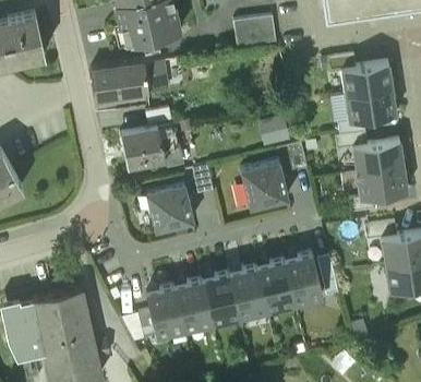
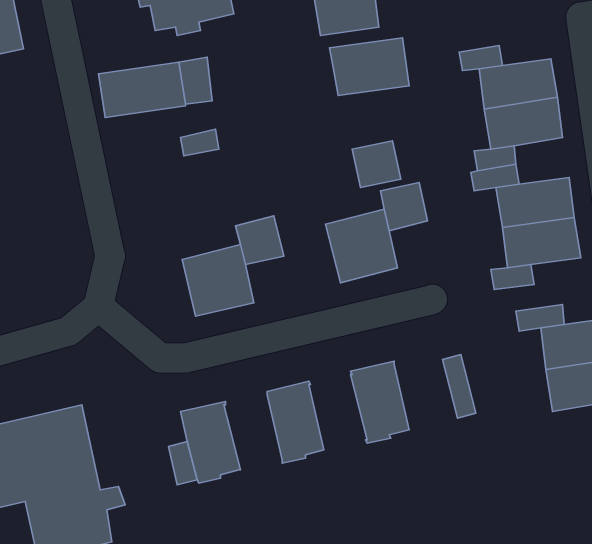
building: none -> [330,38,409,95]
building: [121,127,179,168] -> none
building: [286,254,323,308] -> none
building: [230,267,268,321] -> none
building: [175,280,213,334] -> none

